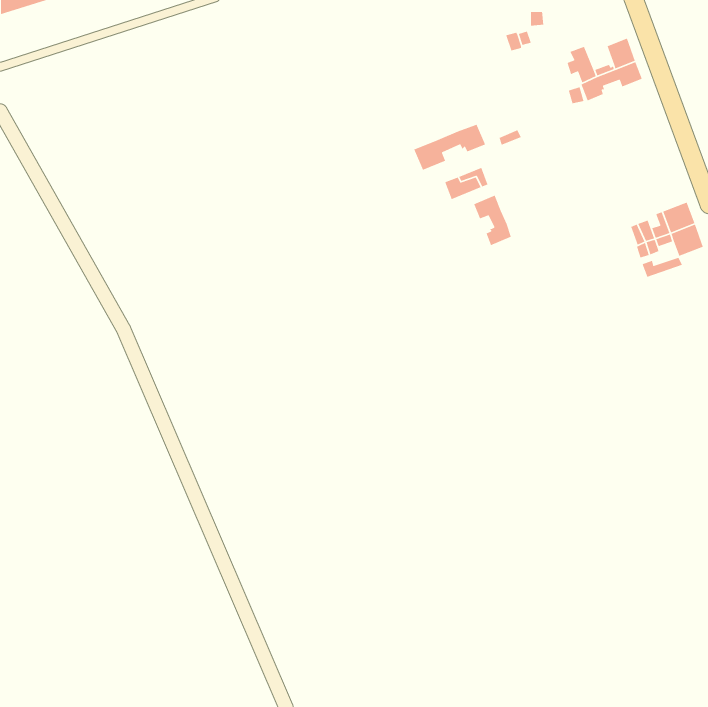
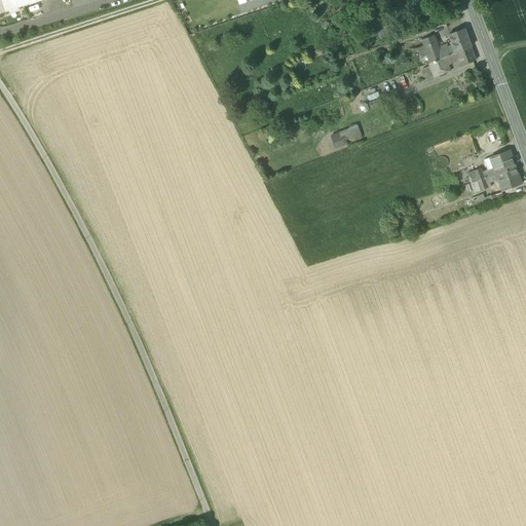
building: [413,123,486,171] -> none
building: [473,194,512,246] -> none

